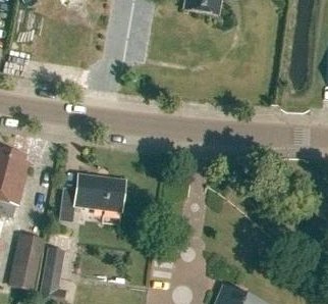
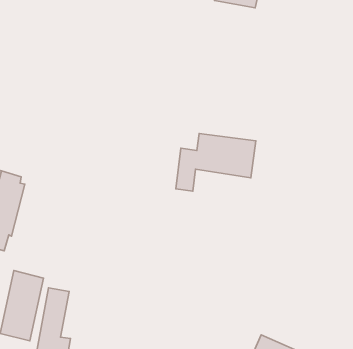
building: [58,172,124,220] -> [176,133,256,191]

